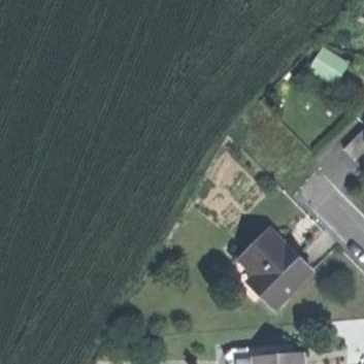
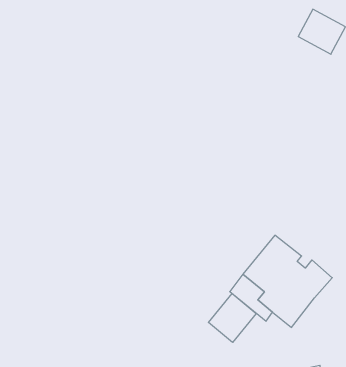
building: none -> [208,294,256,342]

